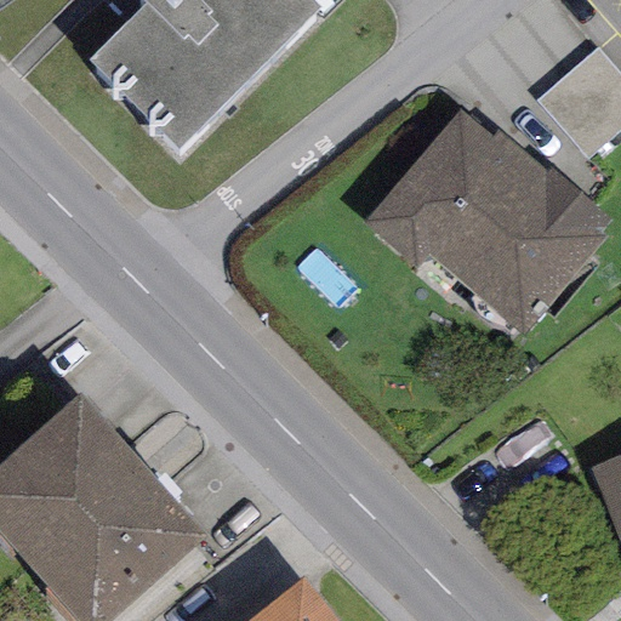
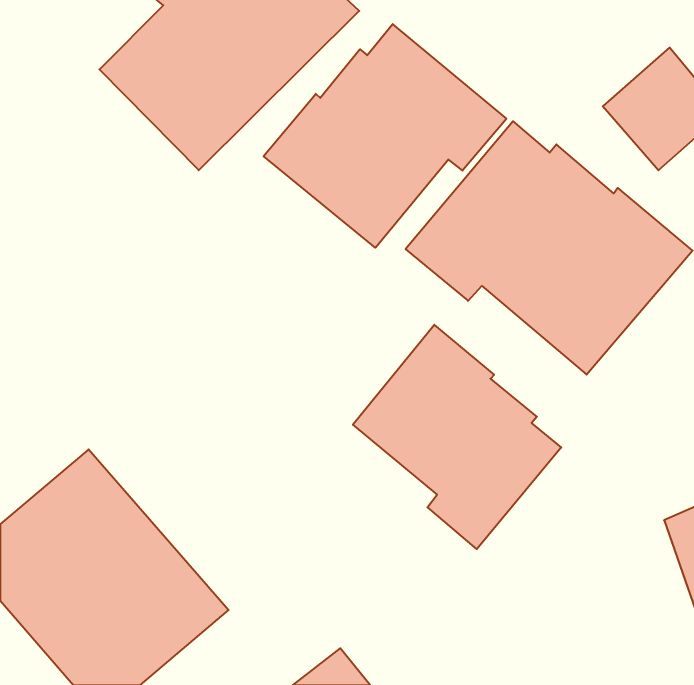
building: none -> [264,24,506,248]
building: none -> [353,325,561,549]

